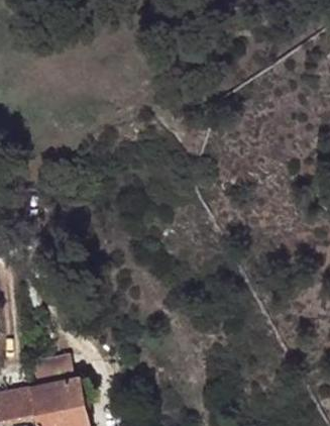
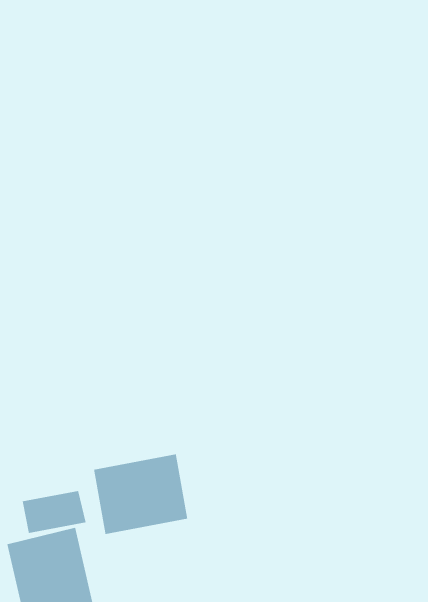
building: none -> [94,453,188,535]

